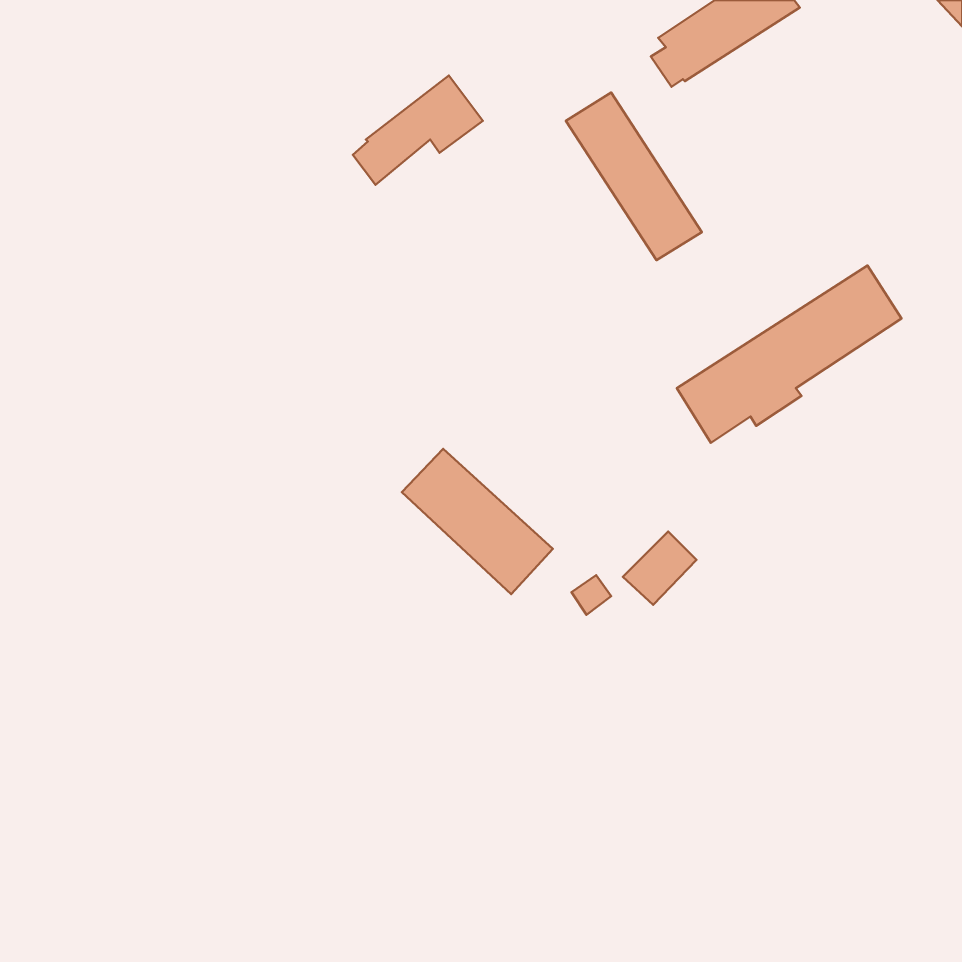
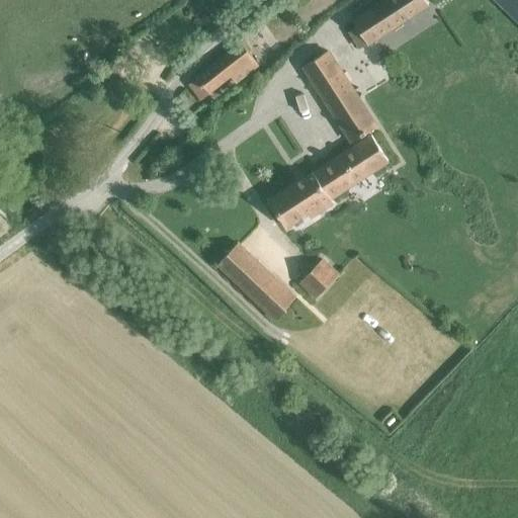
building: [677,266,901,443] -> [268,134,388,229]
building: [623,531,696,605] -> [299,258,339,297]

